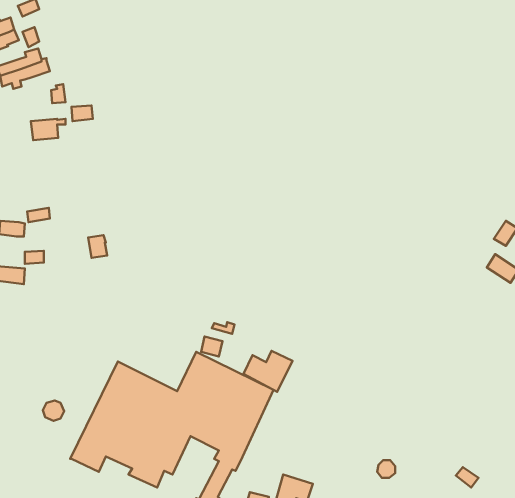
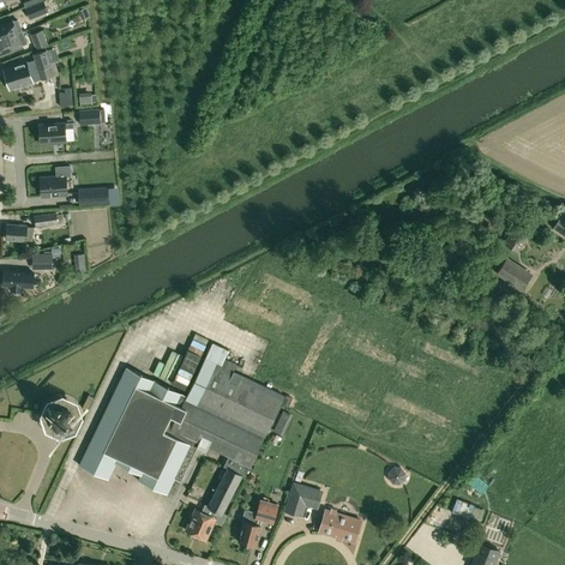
building: none -> [40,164,71,197]
building: none -> [78,188,109,206]
building: [244,351,292,392] -> none

